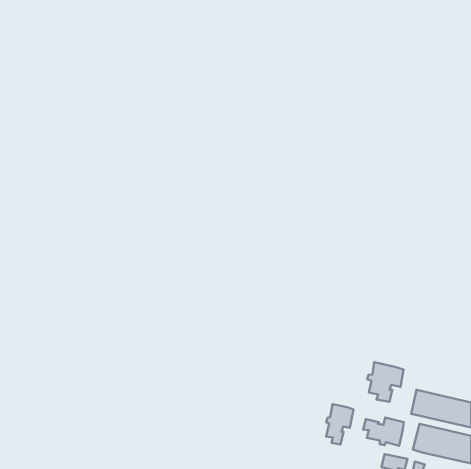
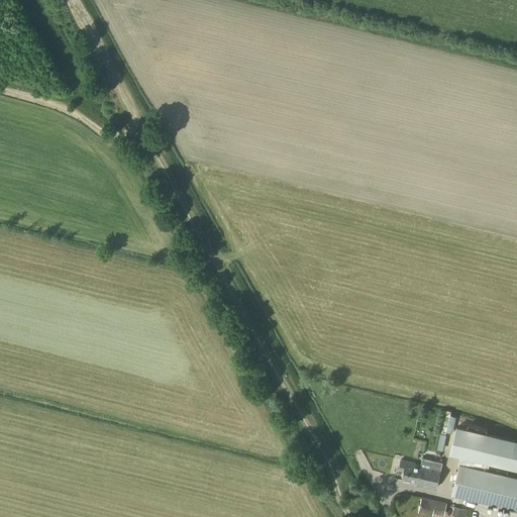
building: [367,362,404,402] -> none
building: [326,404,353,444] -> none

